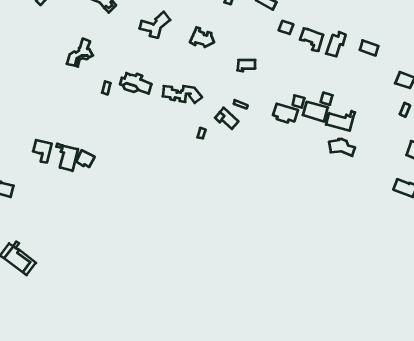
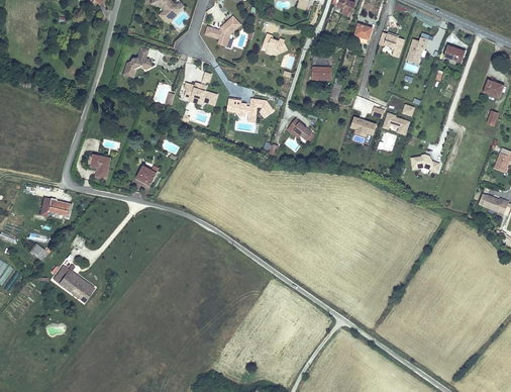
building: [326,111,355,131] -> none
building: [56,144,78,171] -> none

